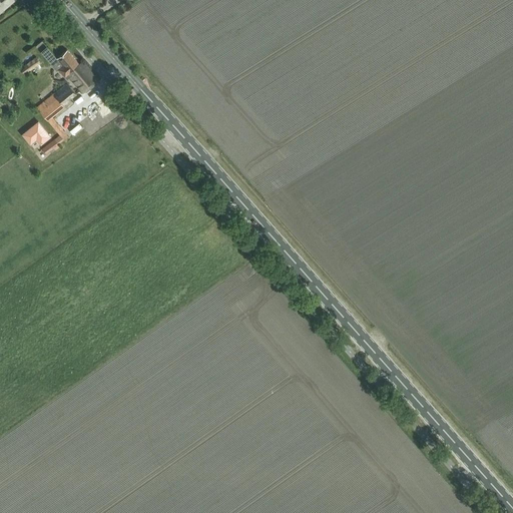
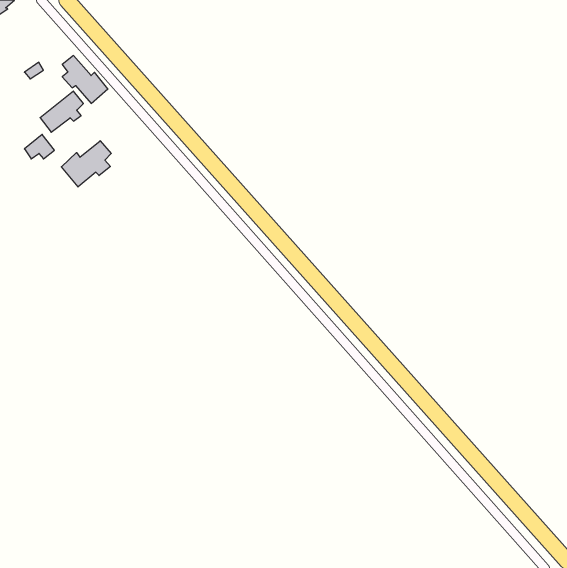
building: none -> [61,141,111,187]

